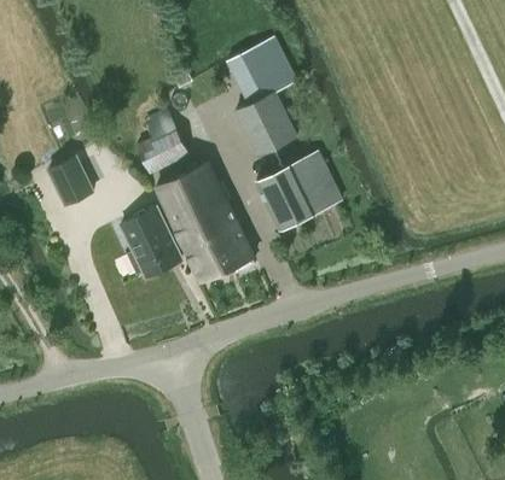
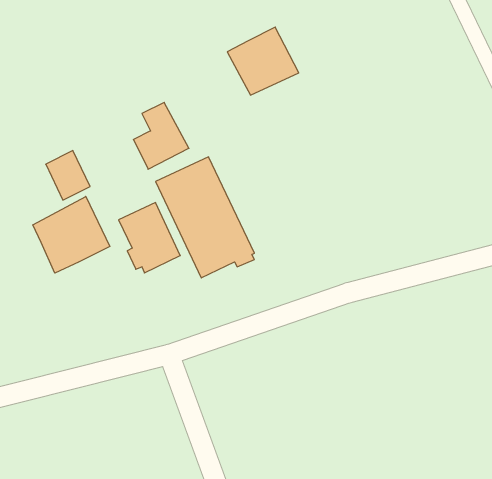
building: [237,92,297,154] -> none
building: [257,153,343,229] -> none
building: none -> [33,196,110,273]

